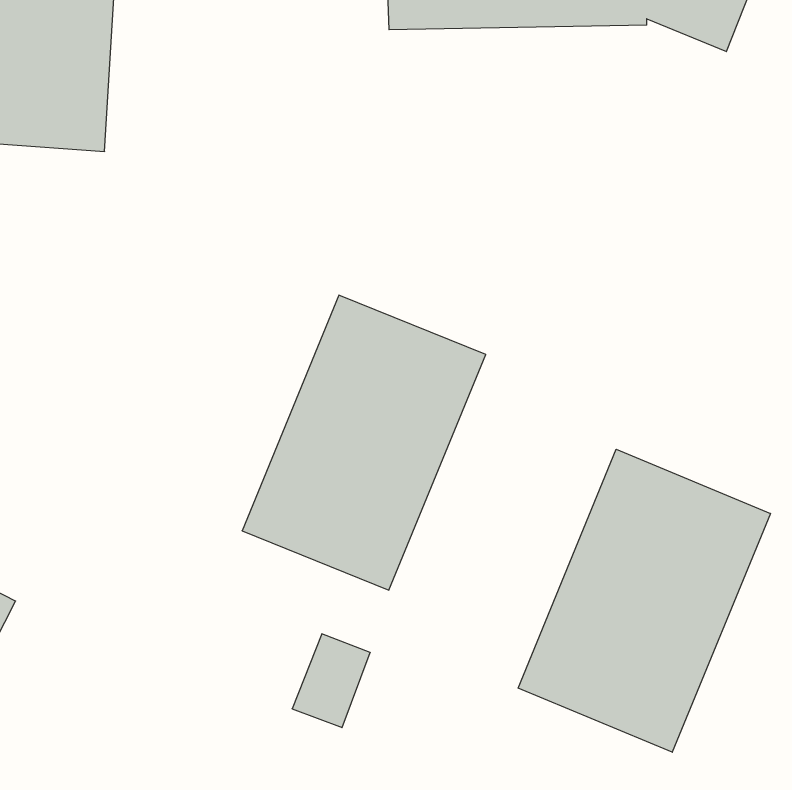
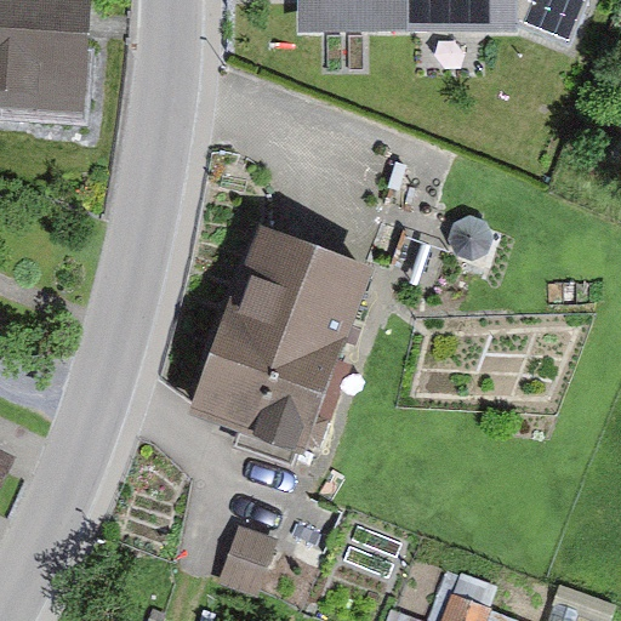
building: [518,449,770,752] -> none

